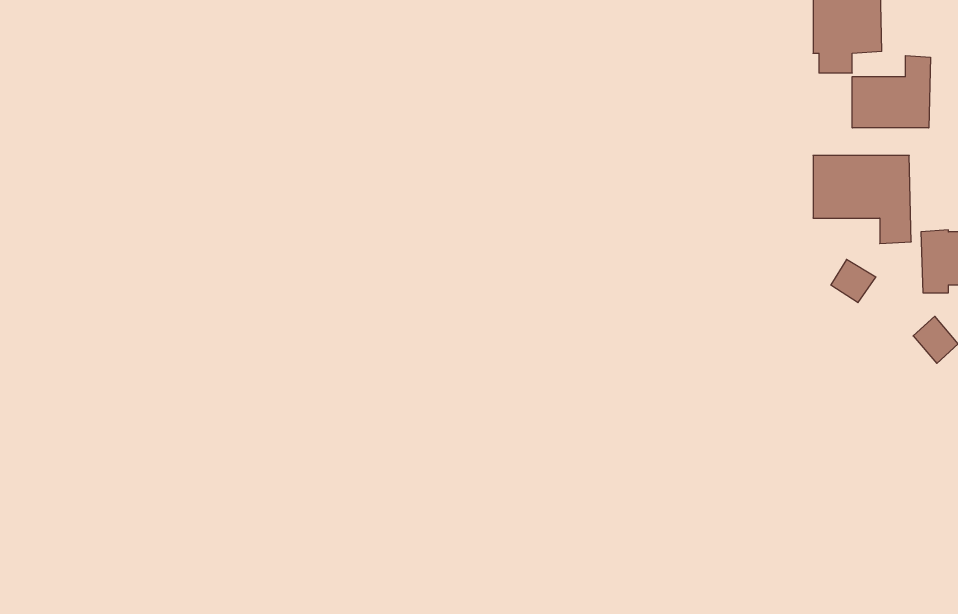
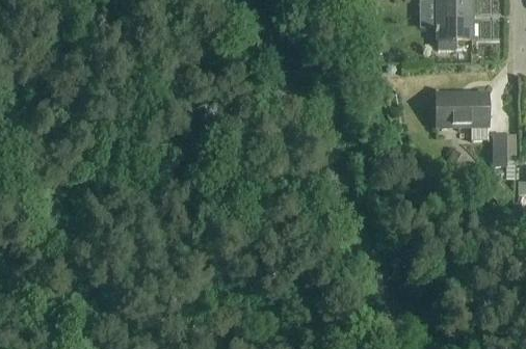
building: [852,56,930,128] -> none

